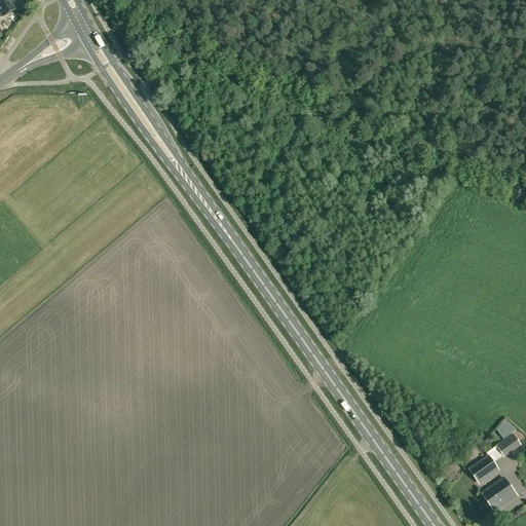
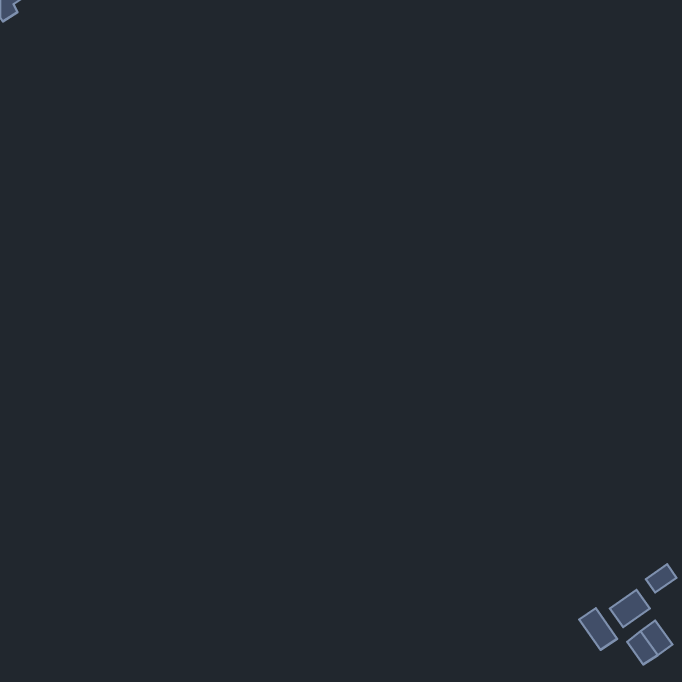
building: none -> [579,608,617,650]

